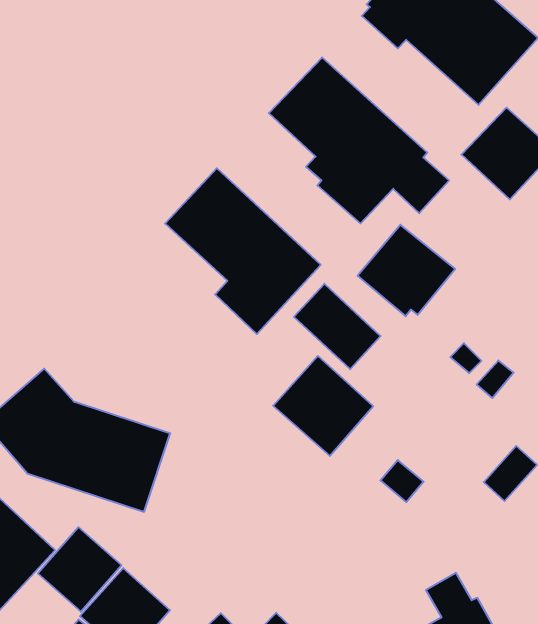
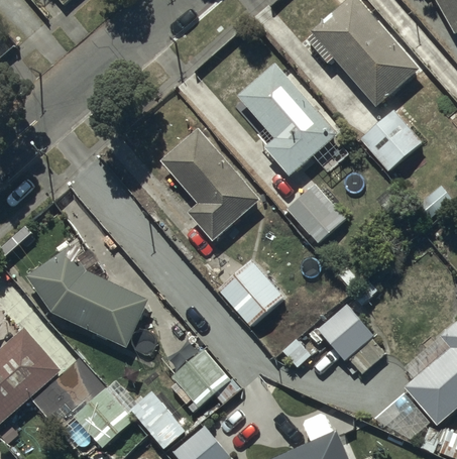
building: [294,284,381,369] -> none
building: none -> [318,301,374,357]
building: none -> [170,348,232,410]

